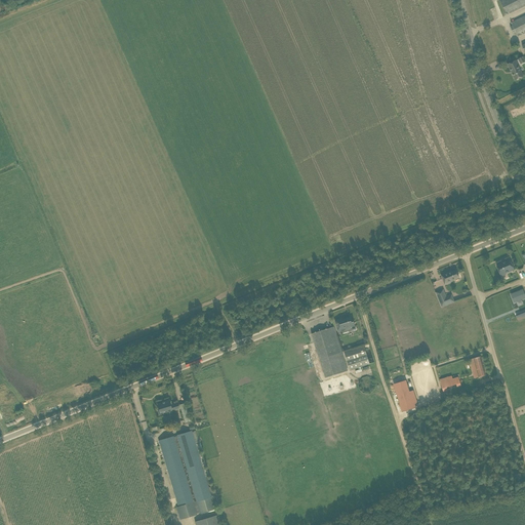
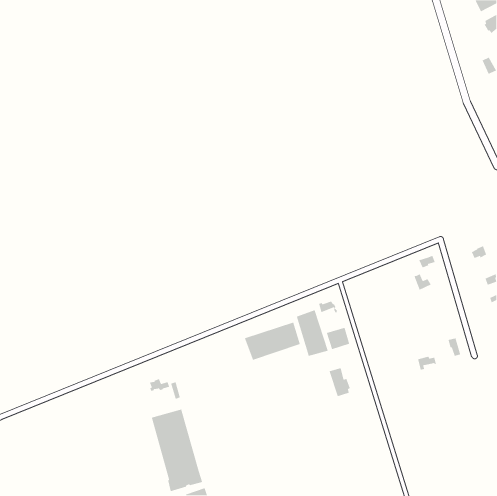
building: none -> [244,322,301,361]
building: [393,379,416,411] -> [329,367,351,397]

